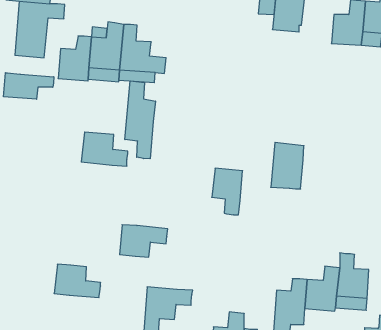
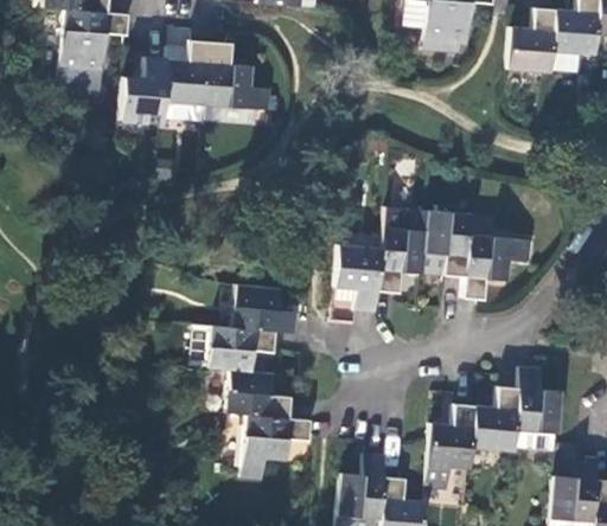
building: [4,73,54,99] -> none
building: [125,81,155,159] -> none
building: [81,132,128,166] -> [231,286,298,334]
building: none -> [378,206,428,294]
building: none -> [462,235,532,299]
building: [54,264,101,298] -> [224,372,290,419]

